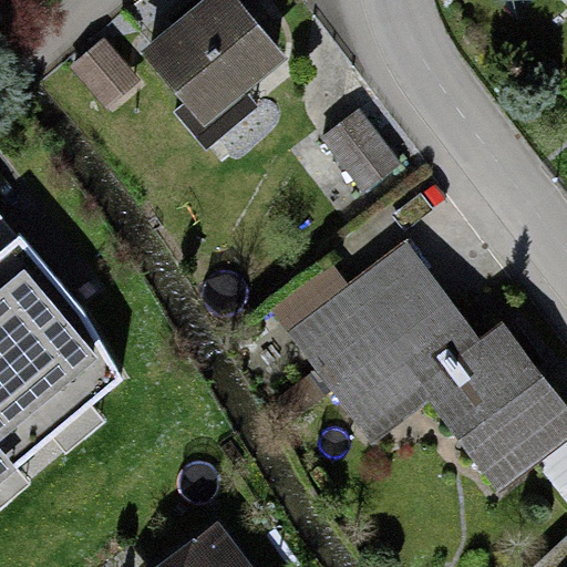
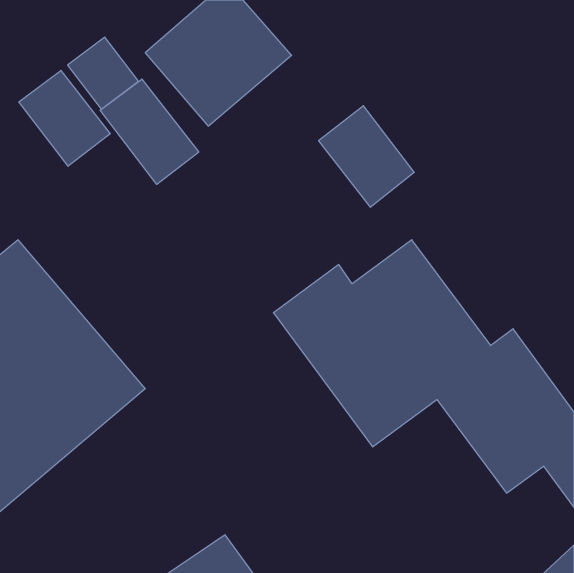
building: none -> [19,70,110,166]
building: none -> [100,79,199,184]

